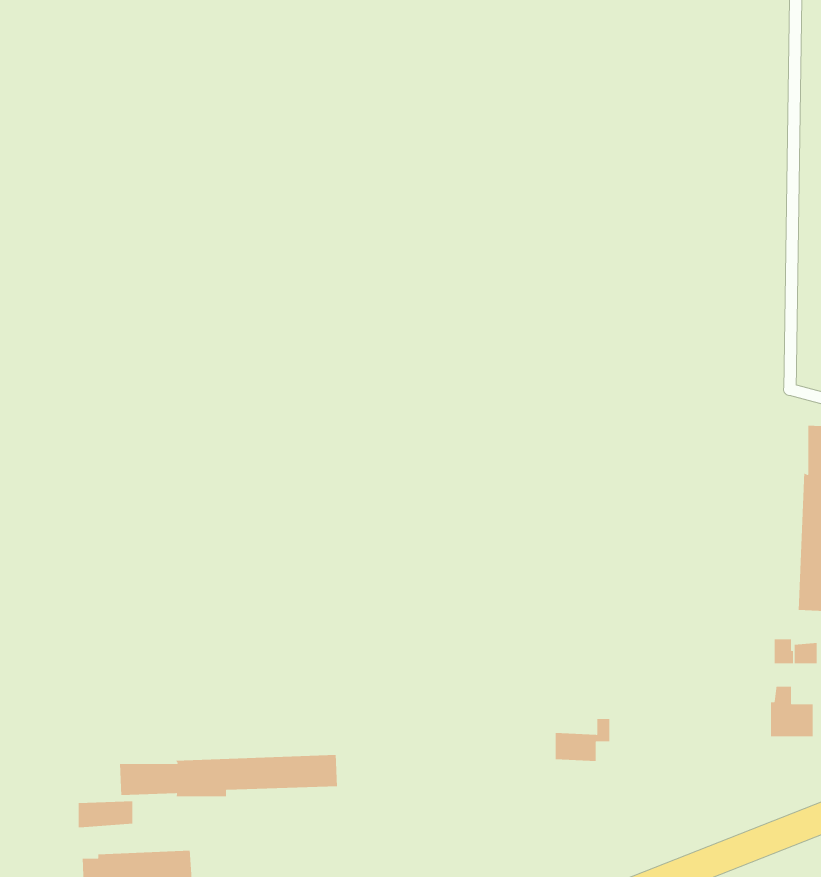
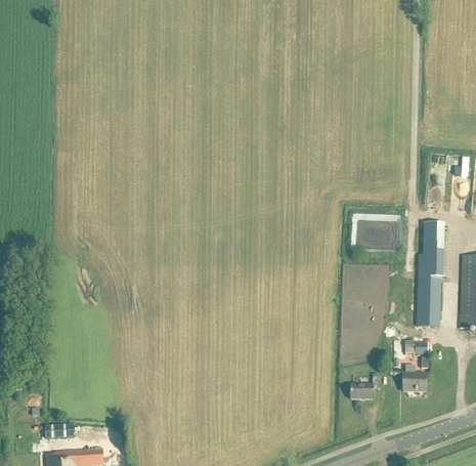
building: [555,718,610,762] -> [351,376,380,398]
building: [119,754,338,797] -> none

